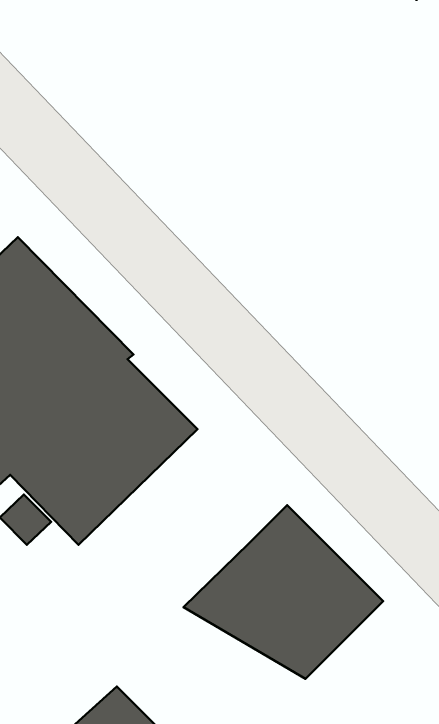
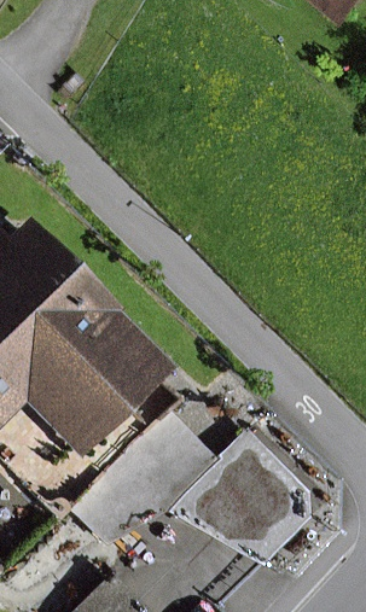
building: none -> [69,410,215,543]

